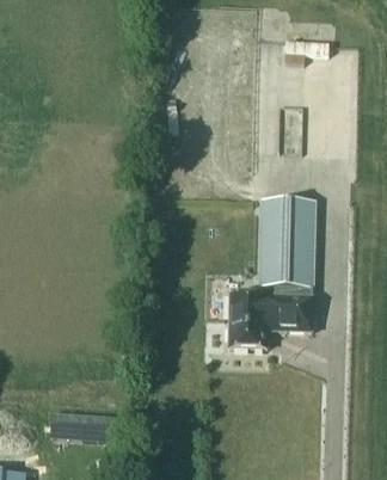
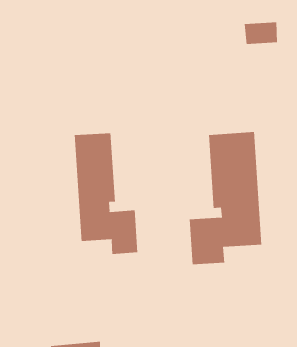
building: none -> [74,132,138,255]

